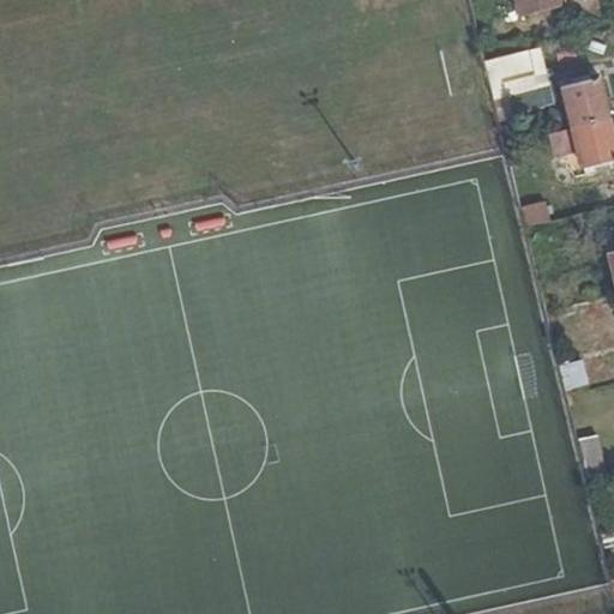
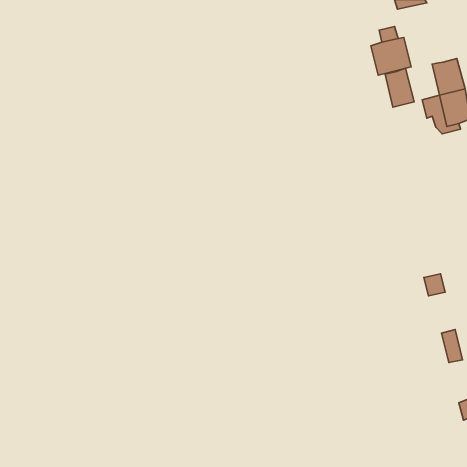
building: none -> [385,68,414,107]

